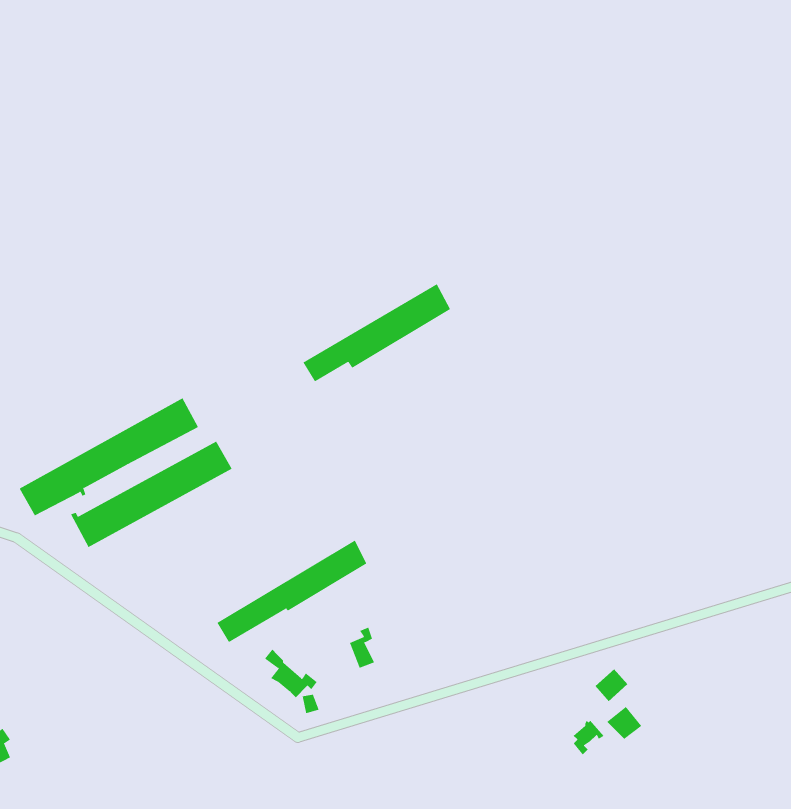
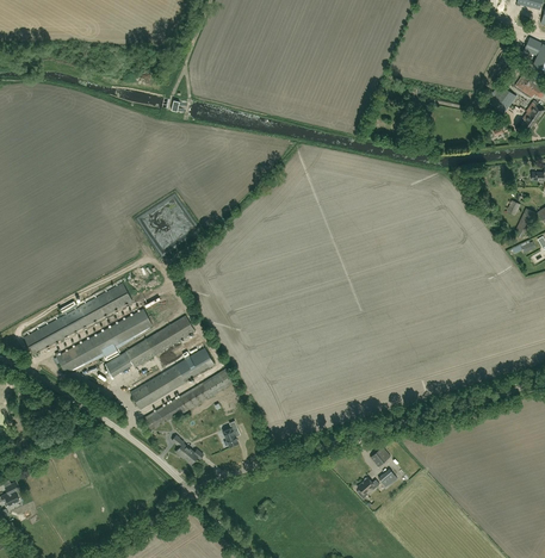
building: [302,283,451,382] -> [104,316,193,376]
building: none -> [129,347,213,409]

